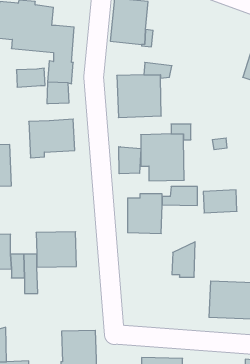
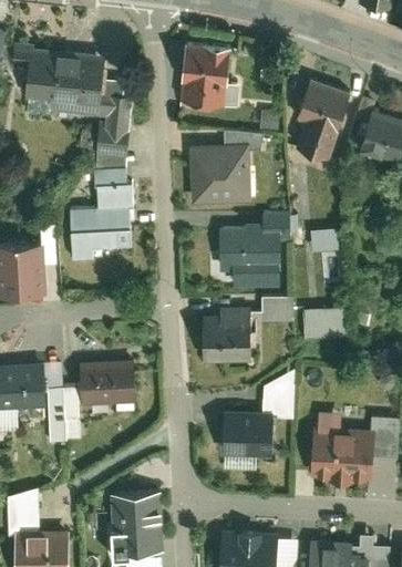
building: none -> [295,81,350,162]
building: [16,68,45,87] -> [96,185,135,210]
building: [119,147,141,174] -> none
building: none -> [220,415,272,462]

